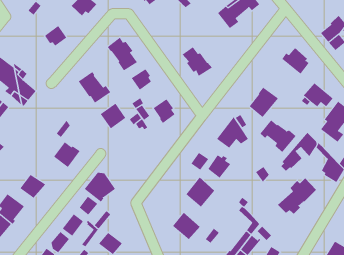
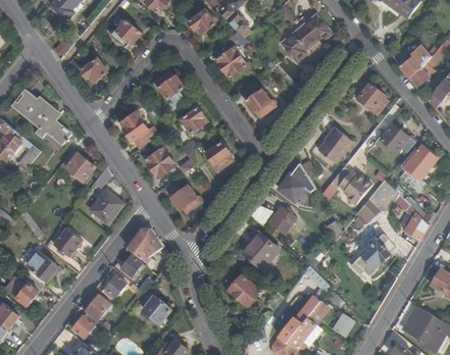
building: none -> [215,46,245,75]
building: none -> [57,149,96,182]
building: none -> [170,185,200,212]

